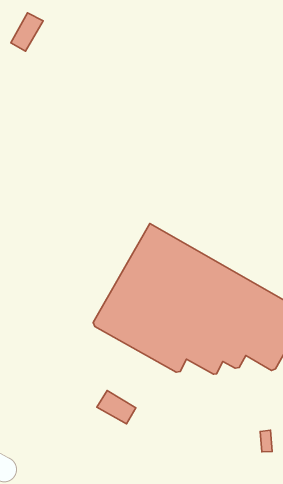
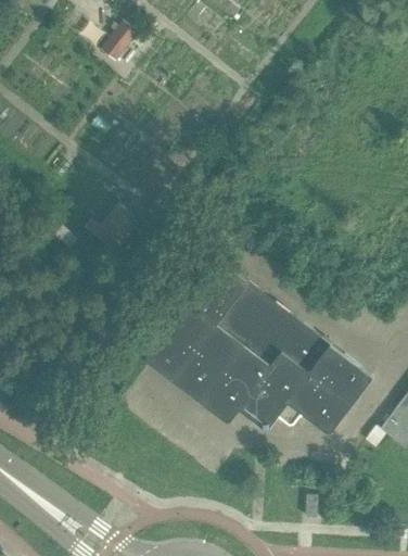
building: [97,391,136,424] -> none

